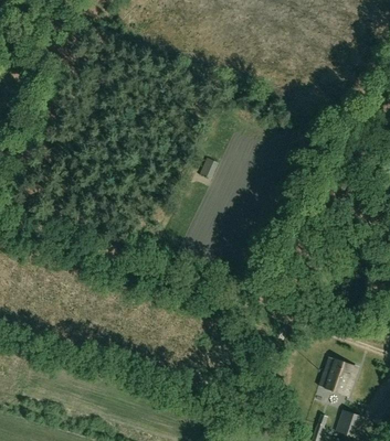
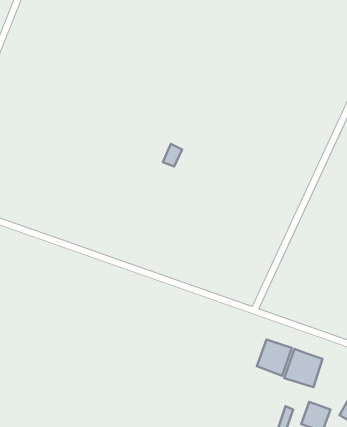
building: none -> [257,339,292,376]

